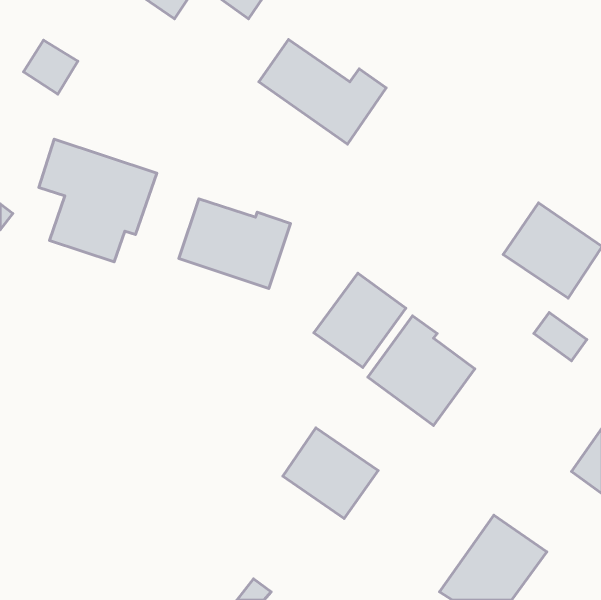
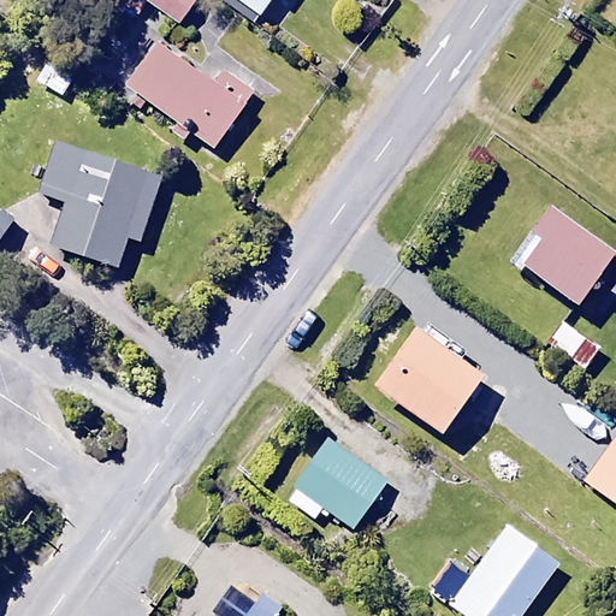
building: [259,39,386,144] -> [125,40,255,147]
building: [179,199,291,289] -> none
building: [314,273,406,368] -> none

